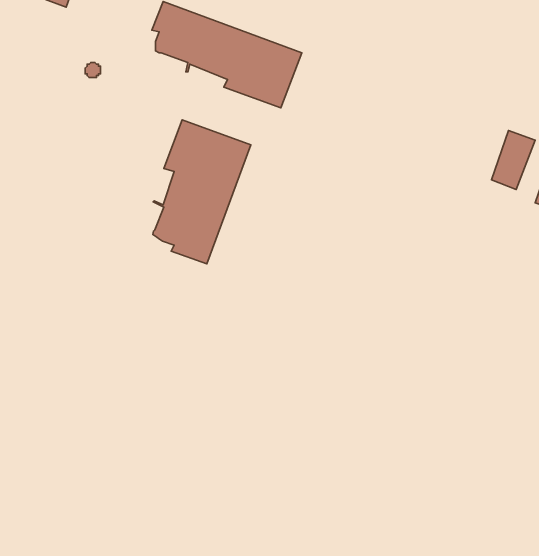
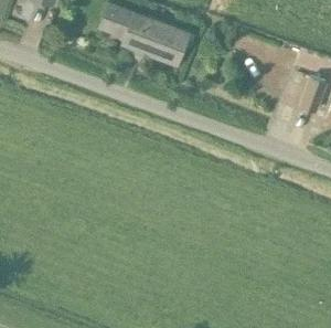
building: [153,120,251,264] -> none

